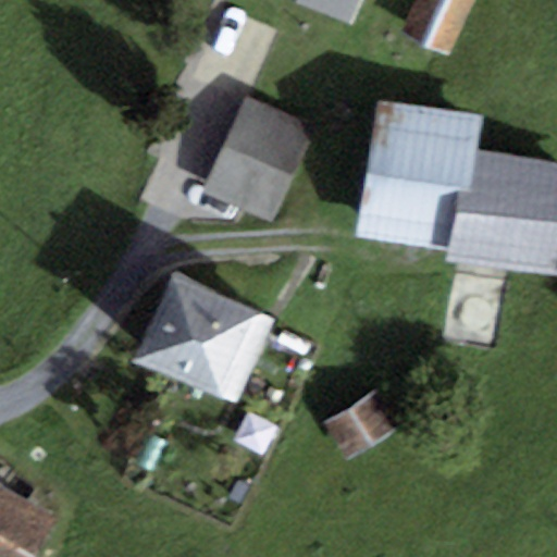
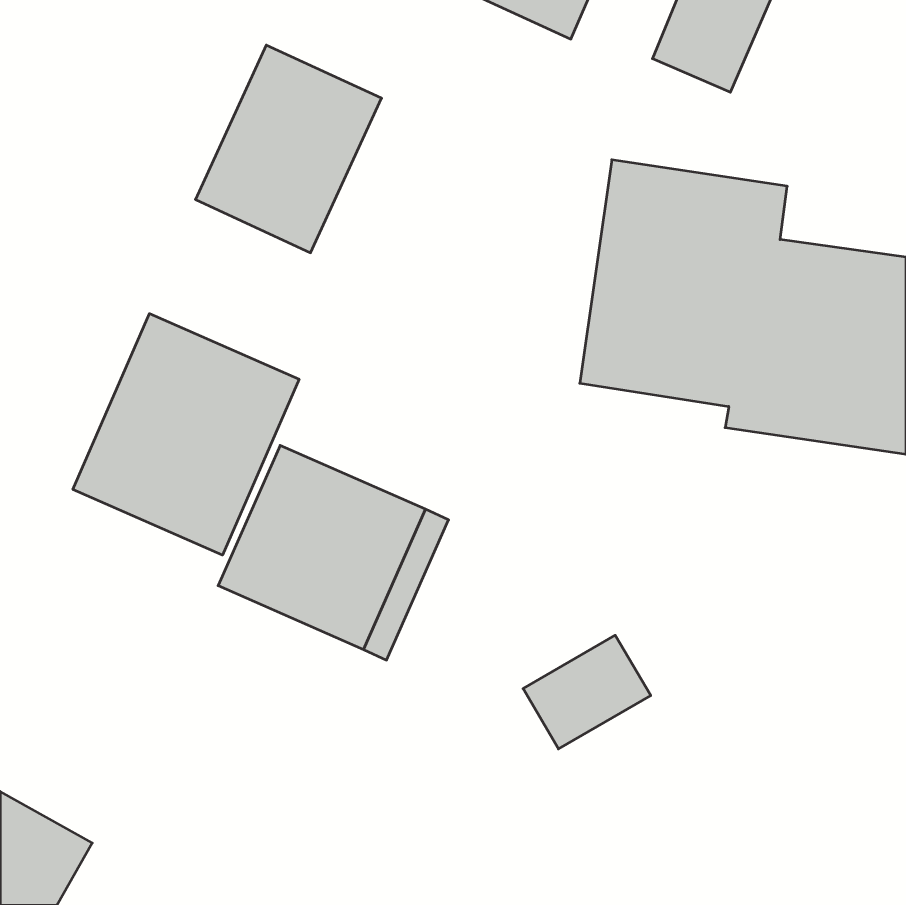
building: [201,95,315,222] -> [195,45,382,253]
building: none -> [73,314,299,555]

